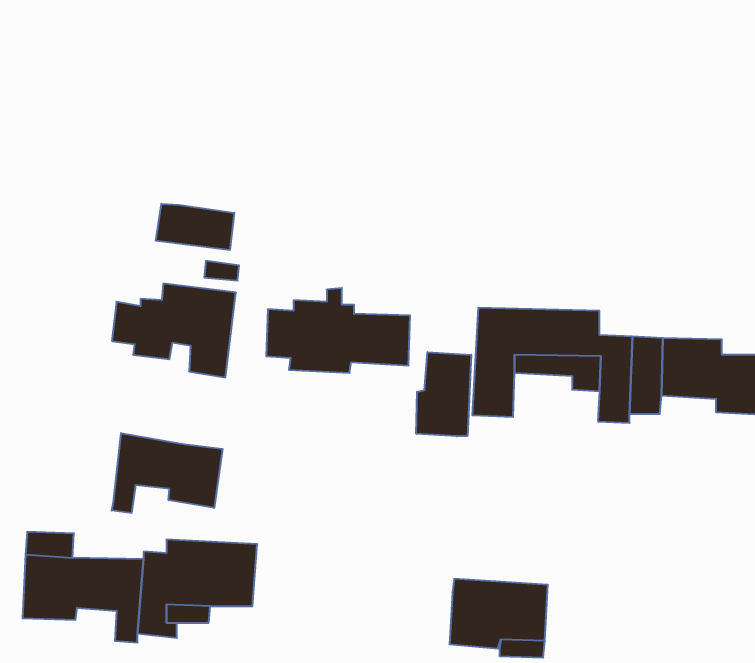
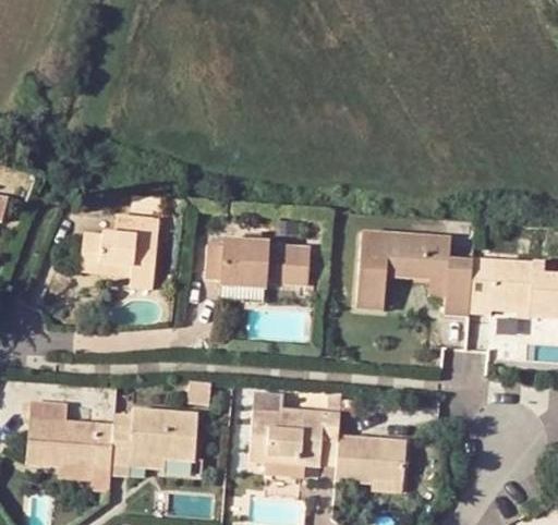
building: [156,204,234,250] -> none
building: [416,352,471,436] -> none
building: [112,433,223,513] -> none
building: none -> [250,410,340,479]

